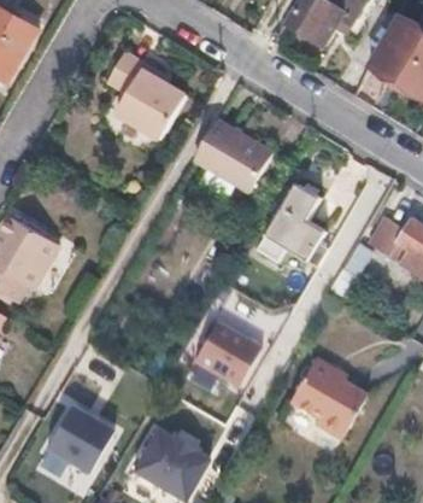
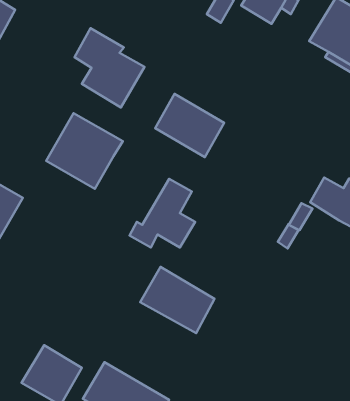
building: none -> [46,113,123,189]
building: [253,181,327,258] -> [129,179,195,247]
building: [295,361,374,445] -> none

